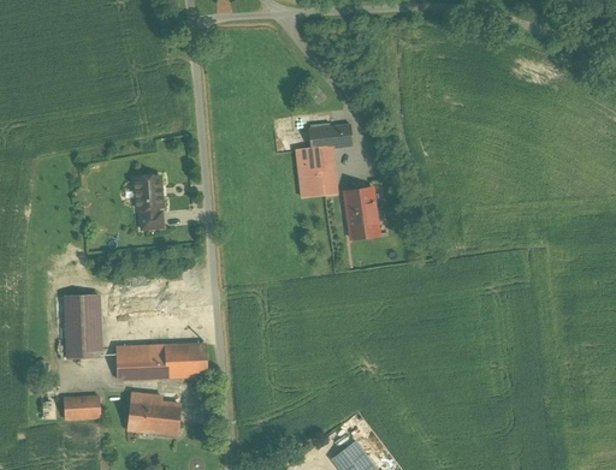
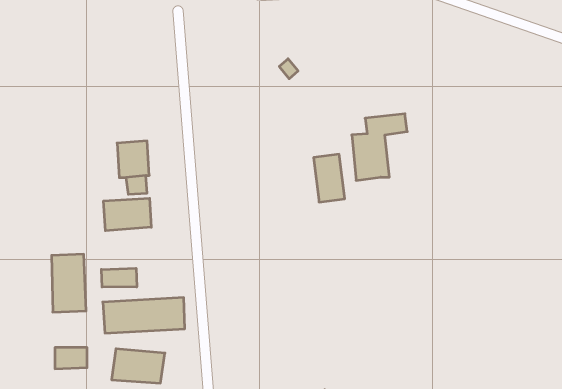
building: [296,126,356,198] -> [352,114,407,180]
building: none -> [104,198,151,231]
building: none -> [101,268,137,287]

